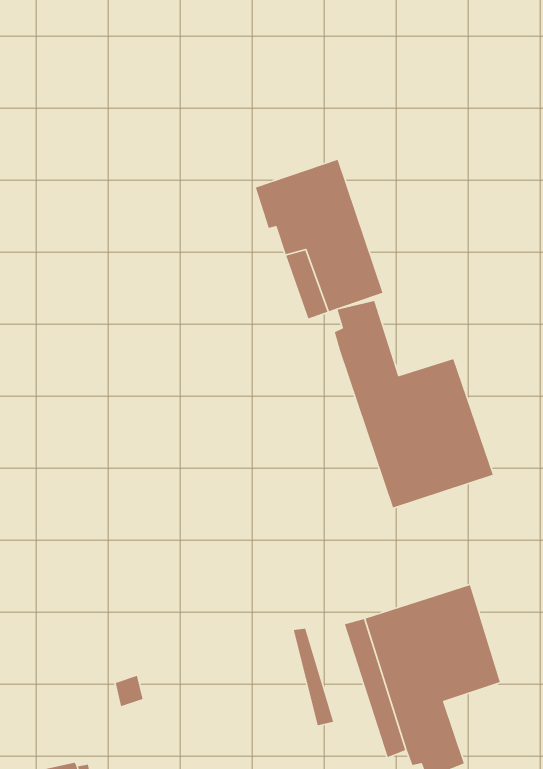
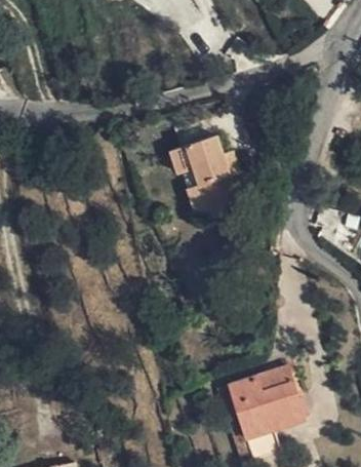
building: [334,300,494,508] -> none

